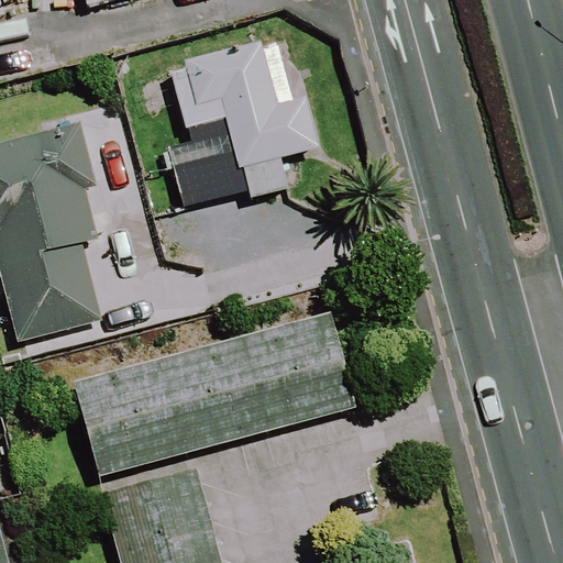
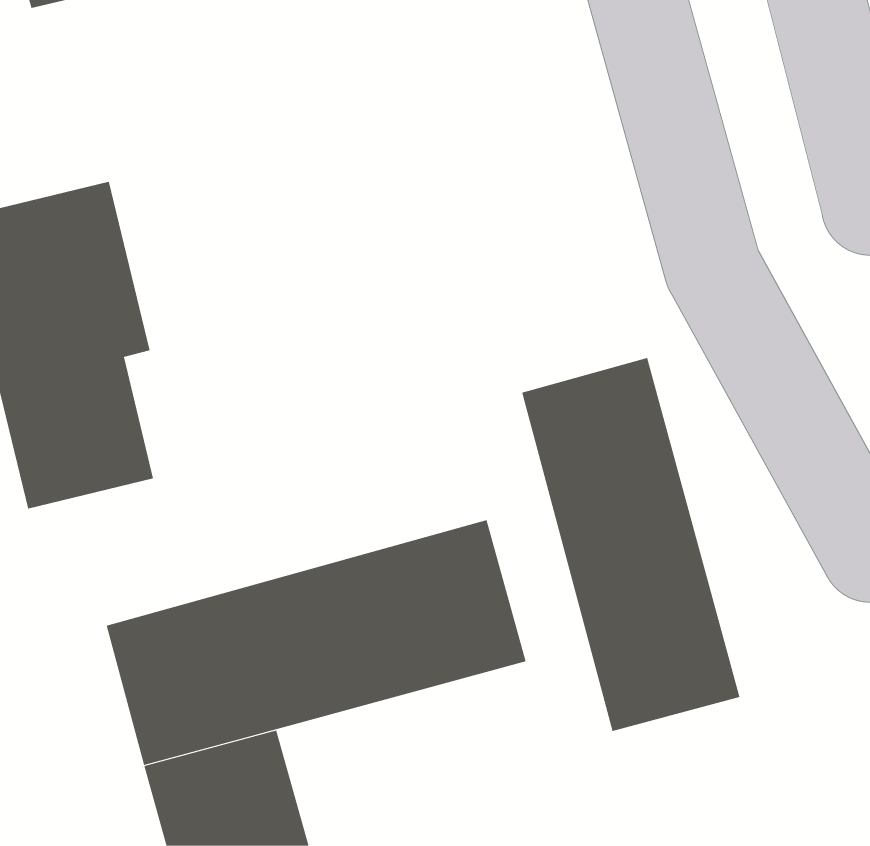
building: [167,27,321,196] -> none
building: none -> [521,357,740,732]

